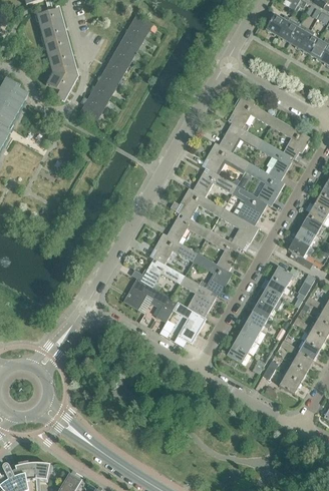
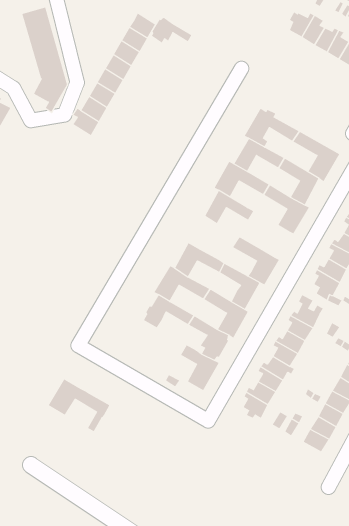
building: none -> [151,17,192,44]
building: [232,185,267,225] -> none
building: [170,187,224,218] -> none
building: [123,278,178,324] -> [48,378,110,432]

